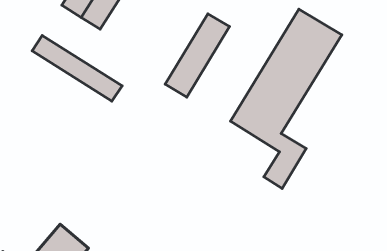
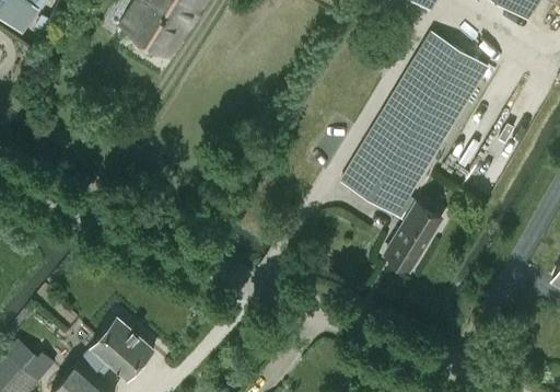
building: [165,14,230,97] -> none
building: [32,35,122,101] -> none

